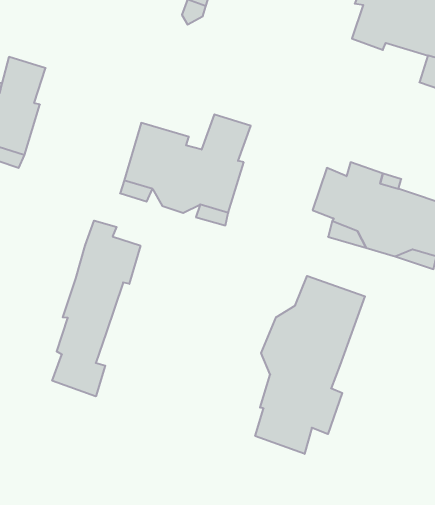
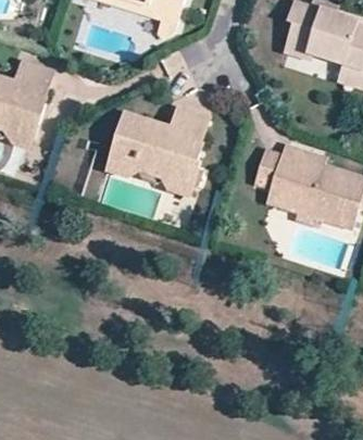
building: [52,221,140,396] -> none
building: [255,276,365,454] -> none

